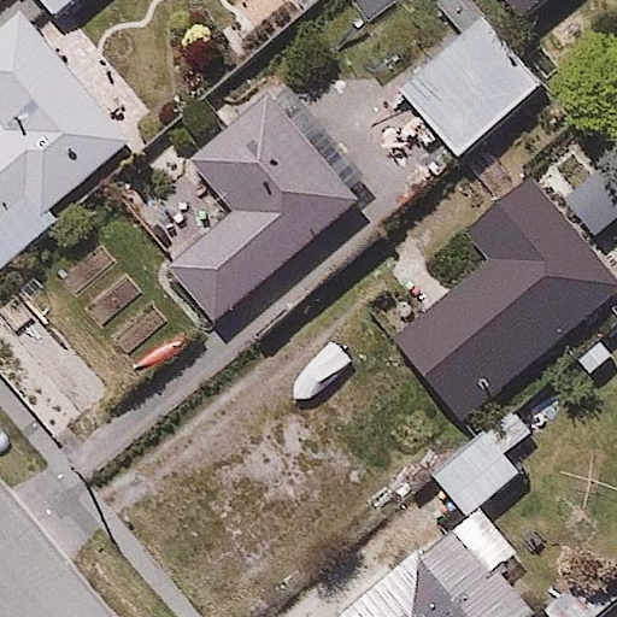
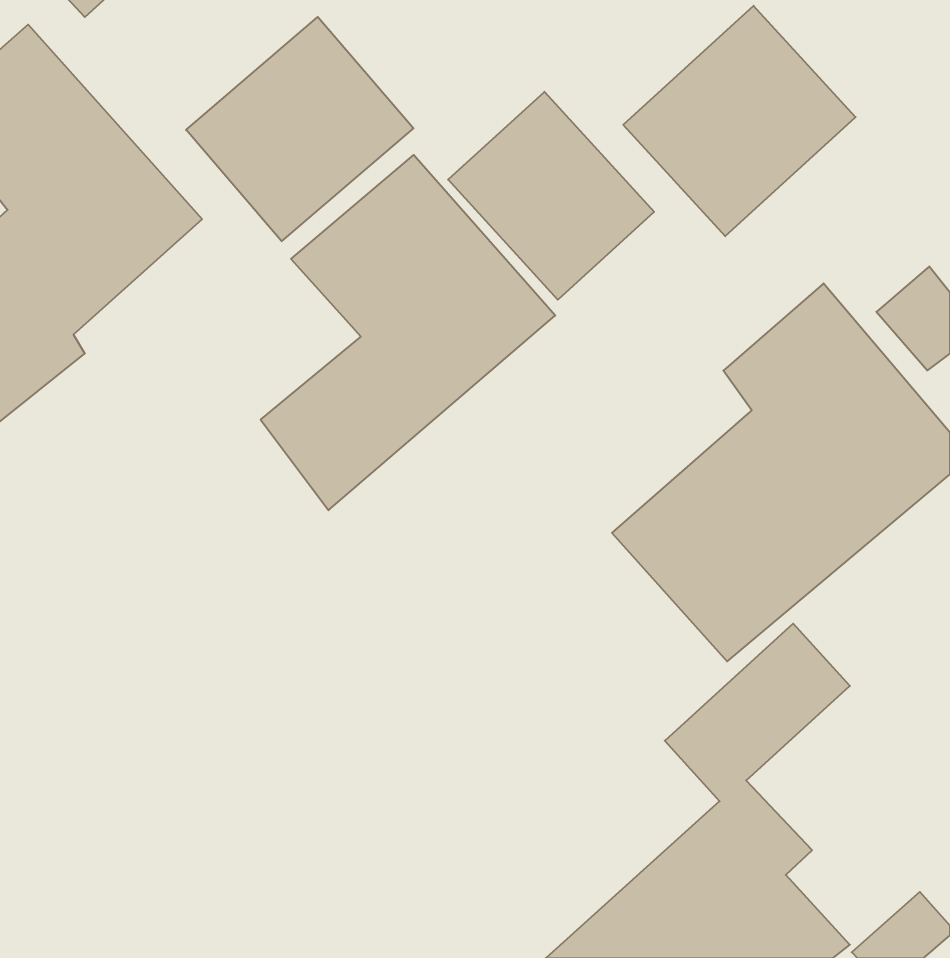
building: none -> [186,17,413,241]
building: none -> [448,92,654,300]

